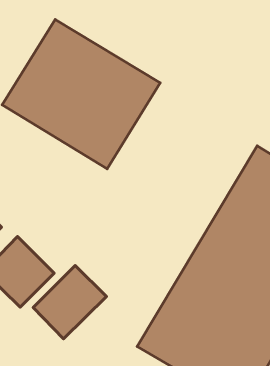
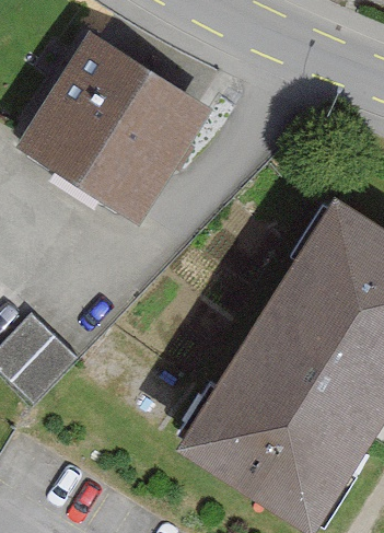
building: [33,266,106,339] -> none

